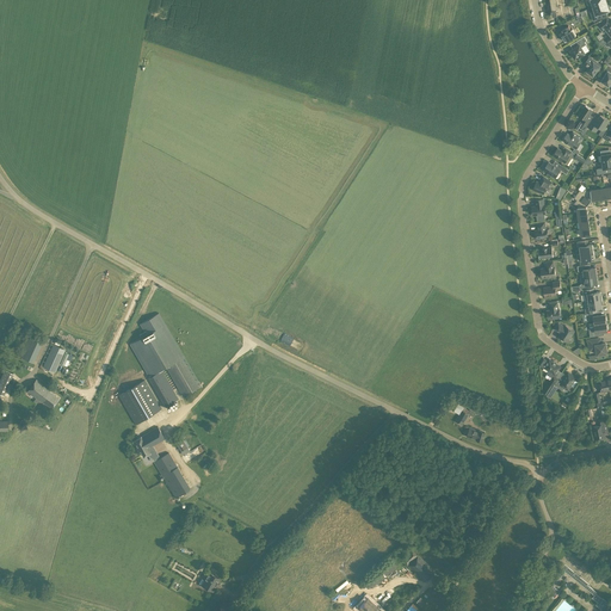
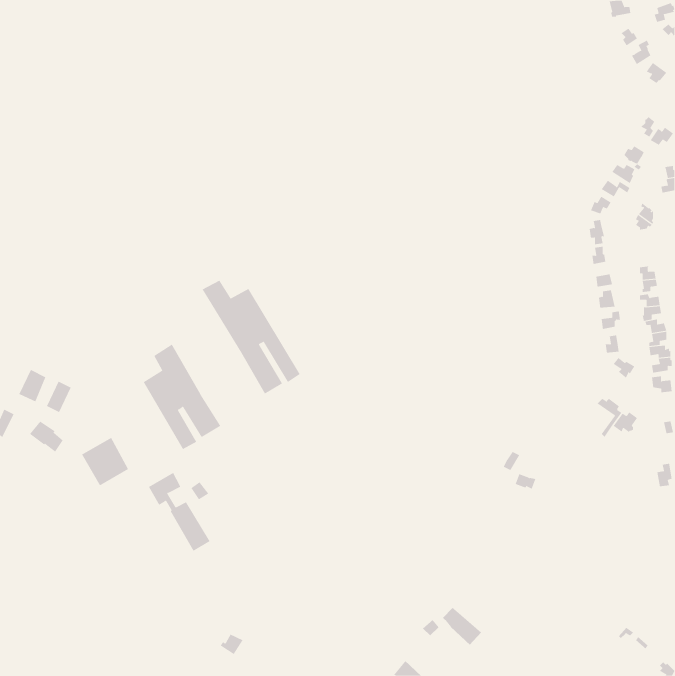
building: none -> [202,280,300,395]
building: [117,379,160,424] -> [81,437,129,486]

